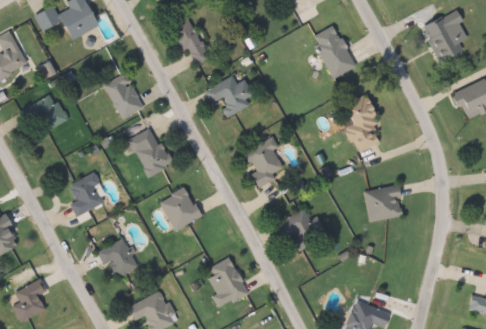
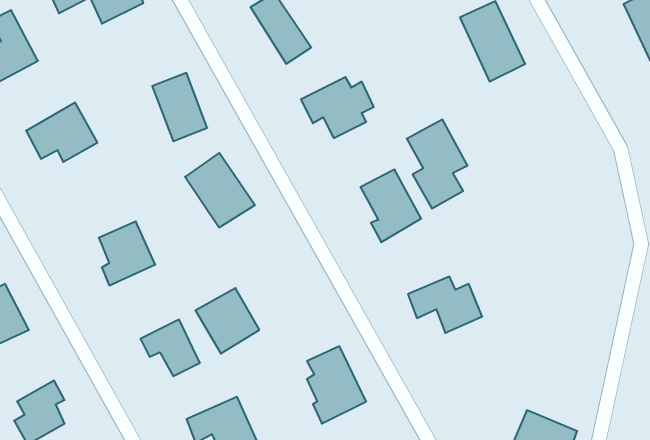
building: [342,92,383,152] -> [407,119,468,209]
building: [364,183,404,220] -> none
building: [159,186,202,230] -> [195,288,259,354]

